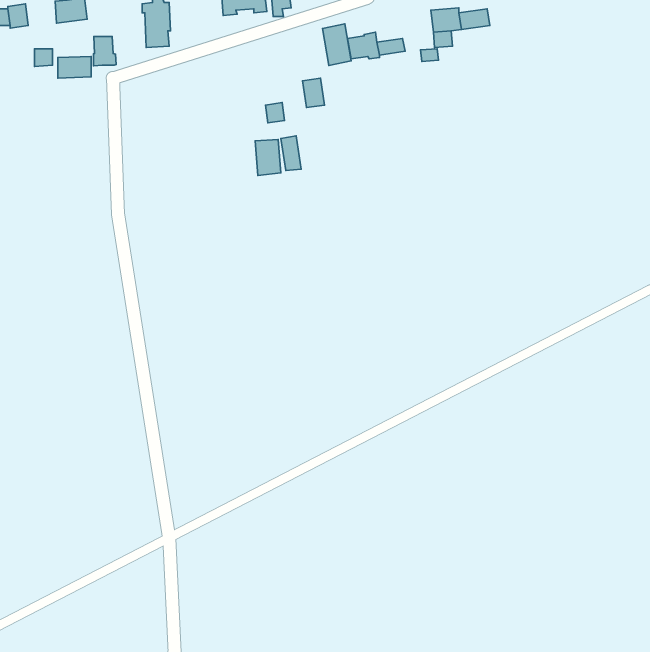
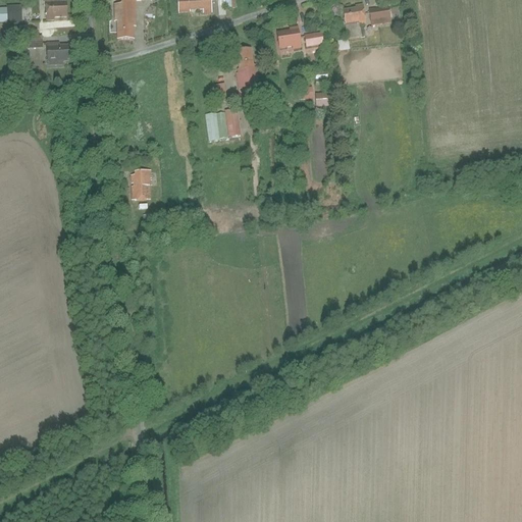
building: [323,24,351,65] -> none
building: [93,36,116,66] -> none
building: none -> [129,169,151,200]

